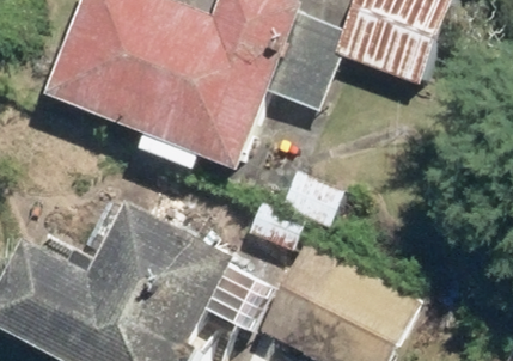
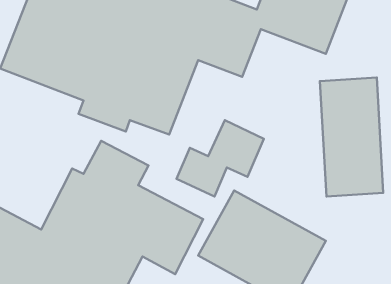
building: none -> [320,78,383,196]

